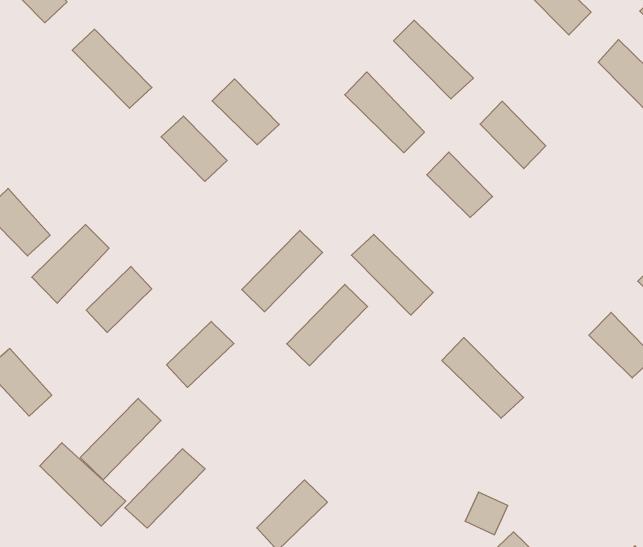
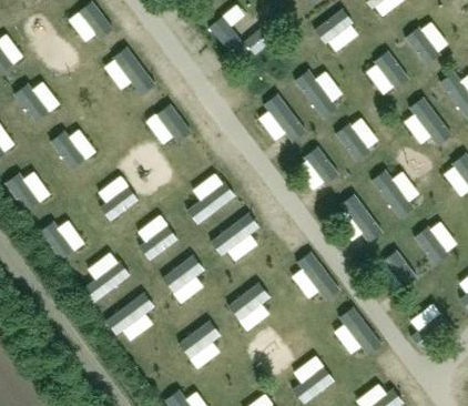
building: [212,79,279,145] -> none
building: none -> [373,170,415,219]
building: [32,225,109,303] -> none
building: [351,234,433,315] -> [339,195,383,244]
building: none -> [162,255,204,293]
building: none -> [228,283,271,321]
building: none -> [339,307,381,356]
building: [40,443,126,526] -> none

